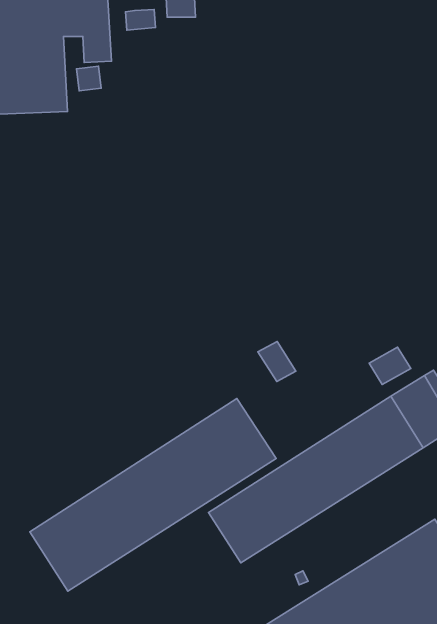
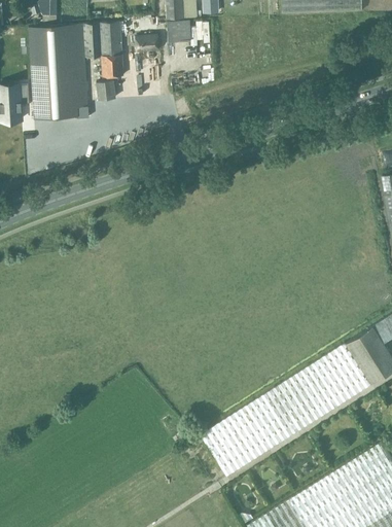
building: [258,342,296,382] -> none
building: [369,347,411,385] -> none
building: [30,398,276,591] -> none

